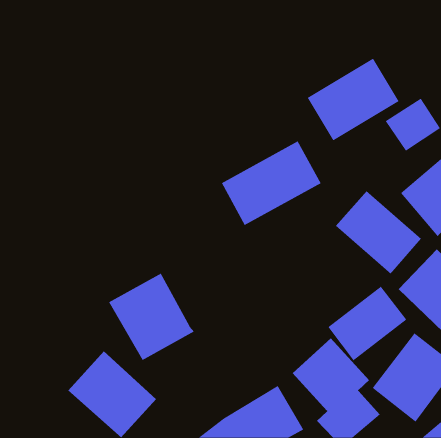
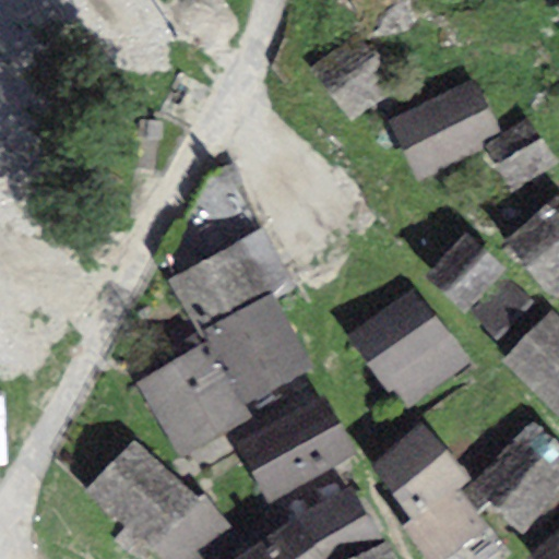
building: [221,141,321,226] -> none
building: none -> [169,227,316,412]
building: [327,286,407,361] -> [369,319,469,414]
building: none -> [239,403,354,504]

